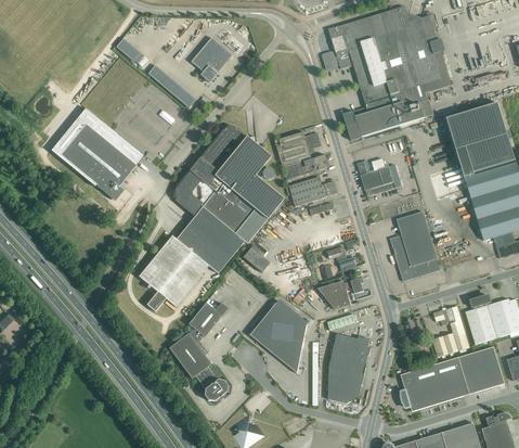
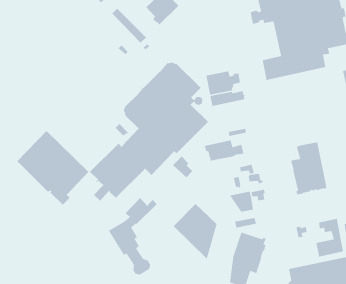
building: [51,107,144,201] -> [16,130,89,206]
building: [358,158,404,196] -> none
building: [285,176,337,206] -> [204,139,244,161]

